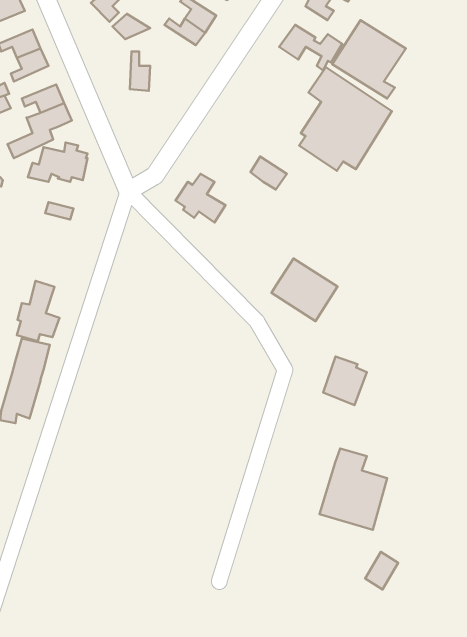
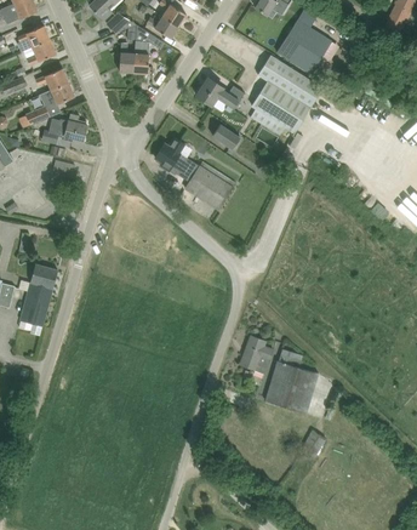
building: [279,25,342,70] -> [195,78,244,113]
building: none -> [133,25,154,73]
building: [272,258,337,321] -> [184,161,235,210]
building: [17,281,59,341] -> none
building: [323,356,367,405] -> [240,336,274,374]

